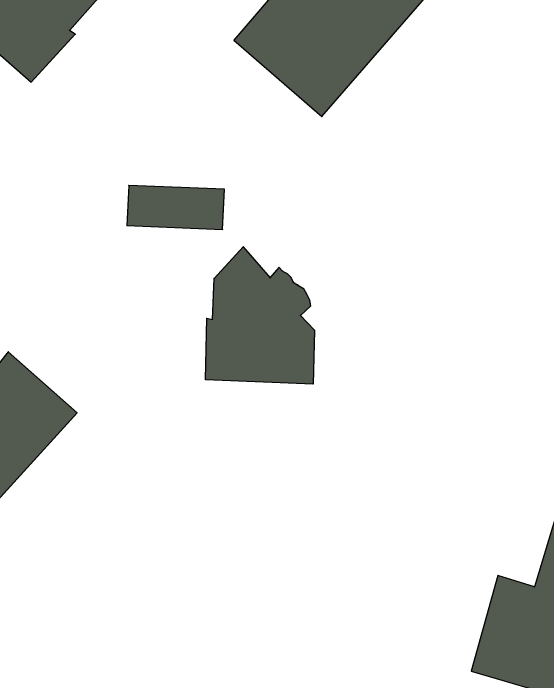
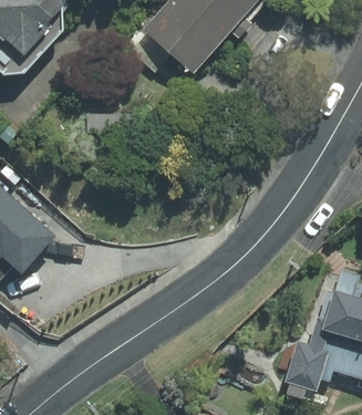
building: [206,247,314,384] -> none

